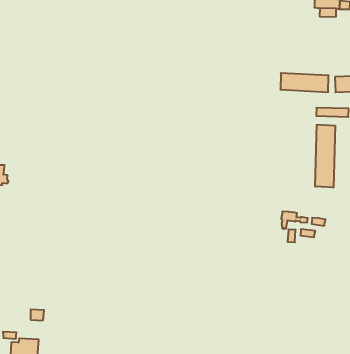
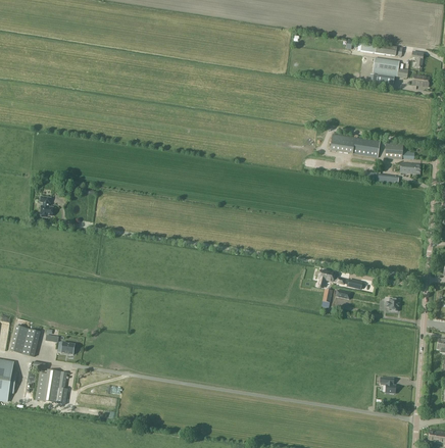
building: [315,125,335,188] -> none

